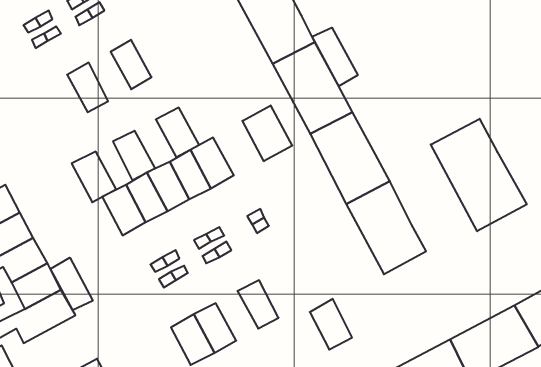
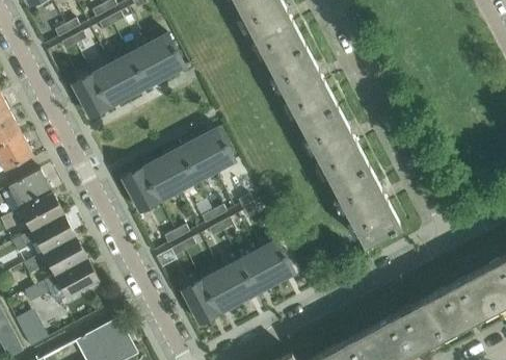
building: [312,28,358,86] -> none
building: [242,105,292,161] -> none
building: [156,108,199,157] -> [147,33,184,76]
building: [431,119,527,231] -> none
building: [113,131,155,180] -> [110,54,147,97]
building: [72,152,116,202] -> [71,74,109,118]
building: [50,258,93,310] -> none
building: none -> [219,260,256,303]
building: [310,299,352,350] -> [257,239,293,283]

